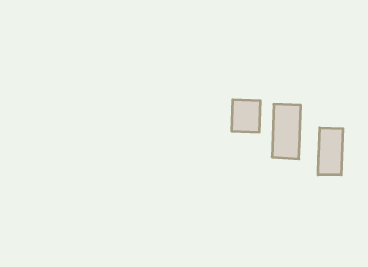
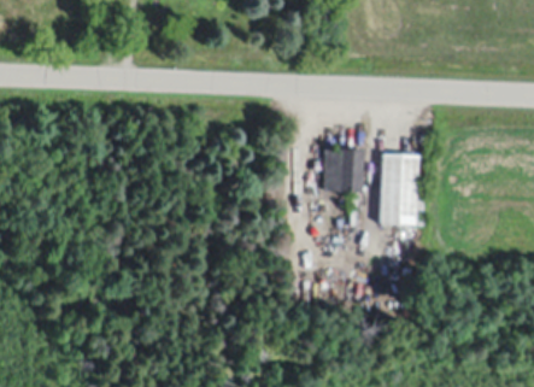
building: [318,128,343,175] -> none

